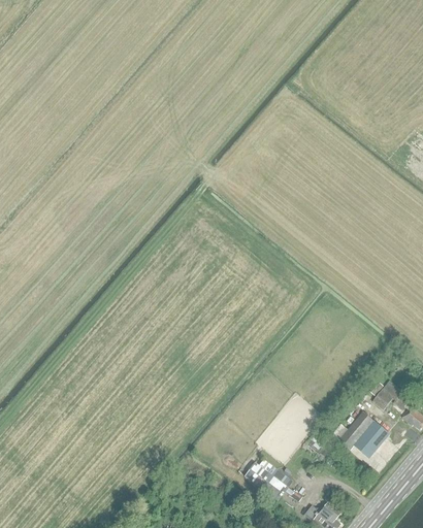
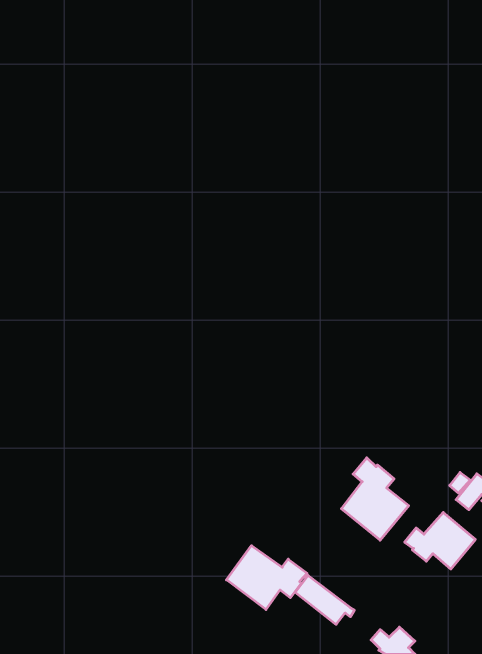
building: none -> [341,458,409,540]
building: none -> [226,546,307,610]

